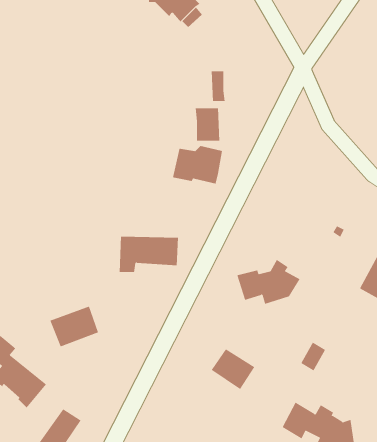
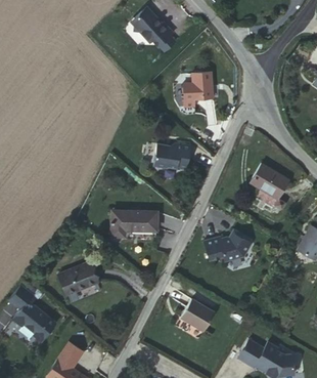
building: [195,108,220,141] -> [191,74,211,99]
building: none -> [248,163,289,200]

